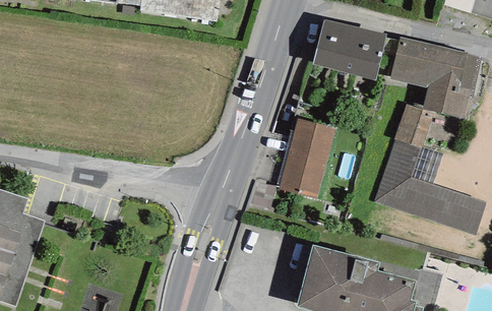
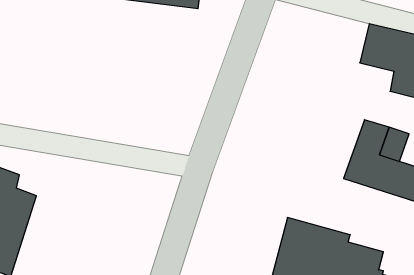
building: [312,20,385,80] -> none
building: [394,105,432,147] -> none
building: [278,117,334,198] -> none

